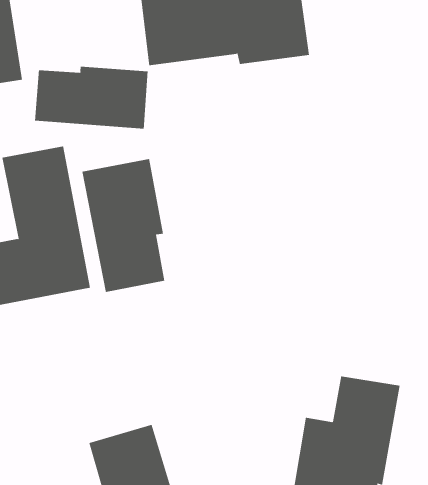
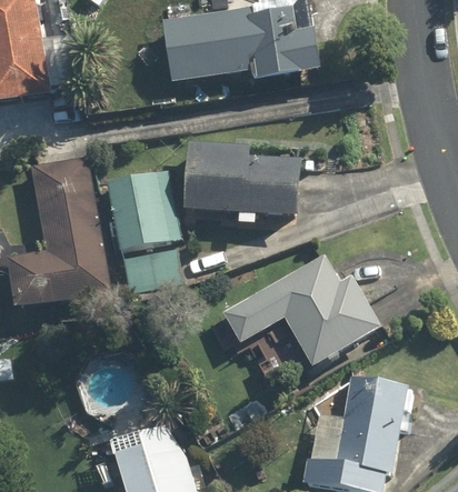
building: [34,66,148,129] -> none
building: none -> [183,135,300,224]
building: none -> [209,254,381,370]

